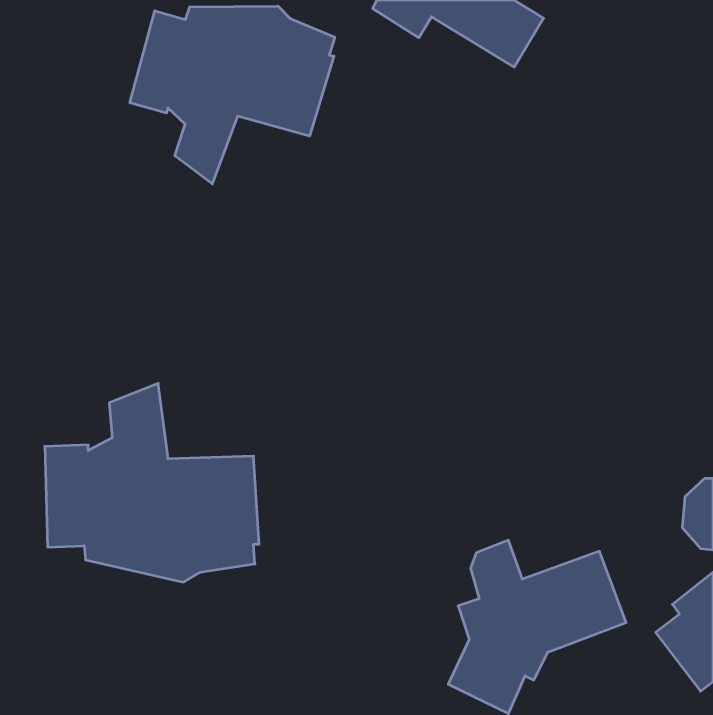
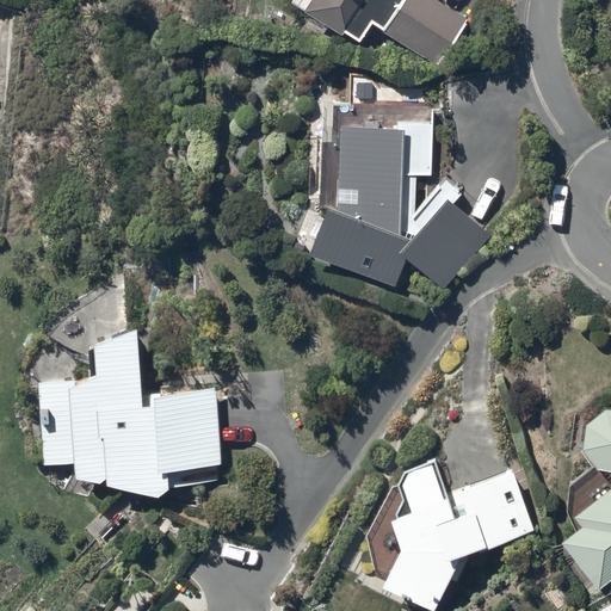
building: [130,6,335,184] -> none
building: none -> [306,121,488,285]

